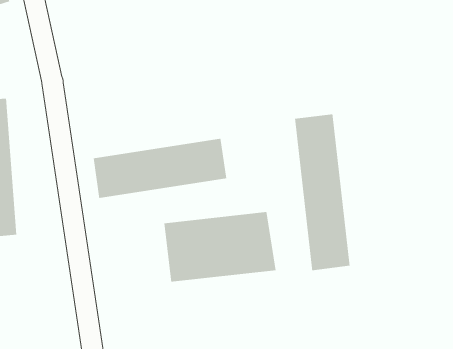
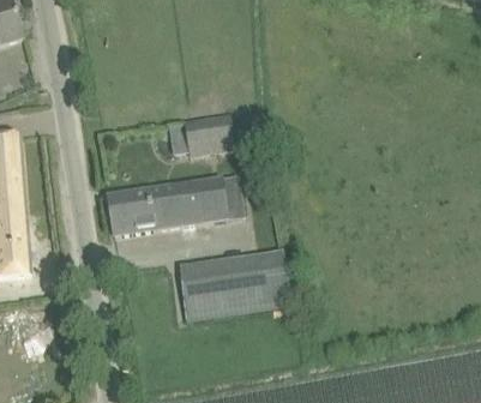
building: none -> [184,114,232,154]
building: [294,113,350,271] -> none

